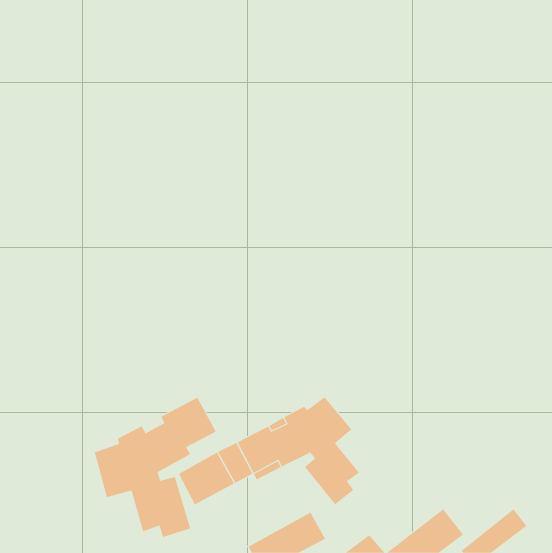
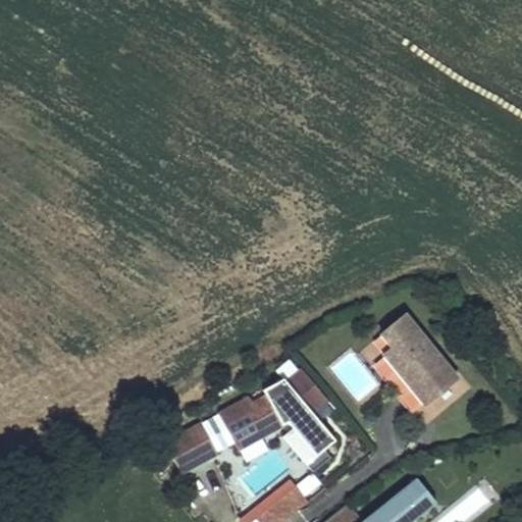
building: none -> [381,320,459,408]
building: [94,397,216,538] -> none

